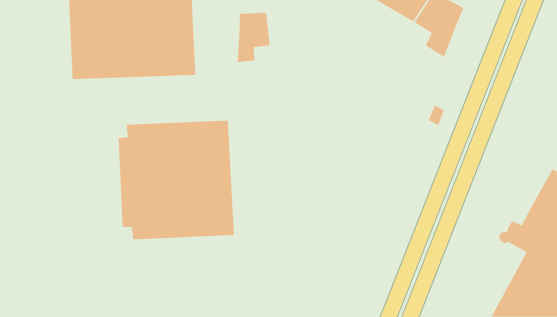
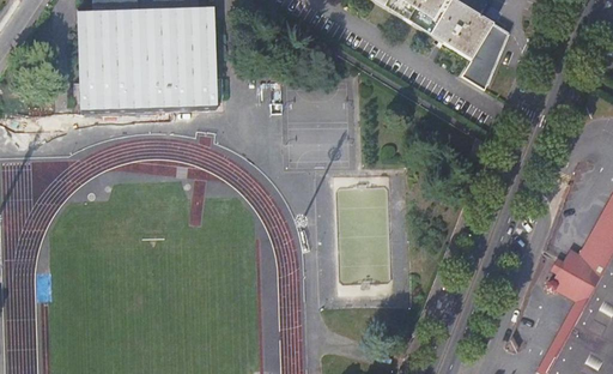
building: [237,12,270,63] -> none
building: [118,120,235,240] -> none

